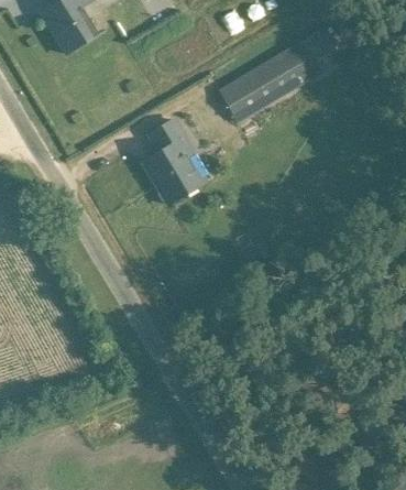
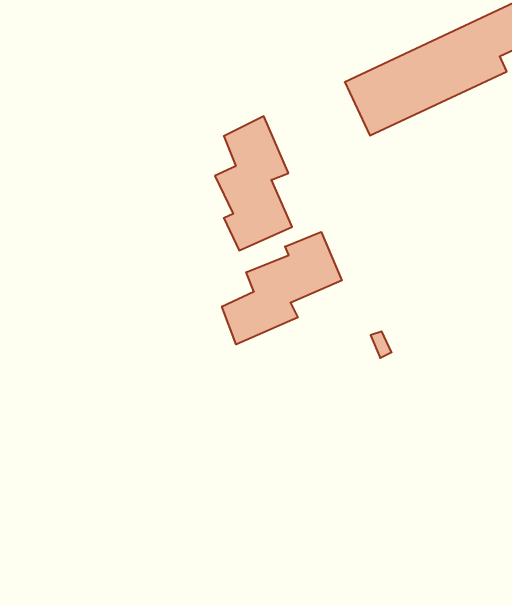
building: none -> [222,232,342,344]

